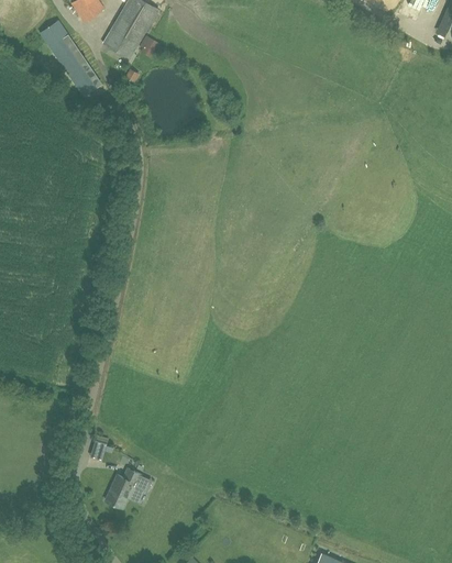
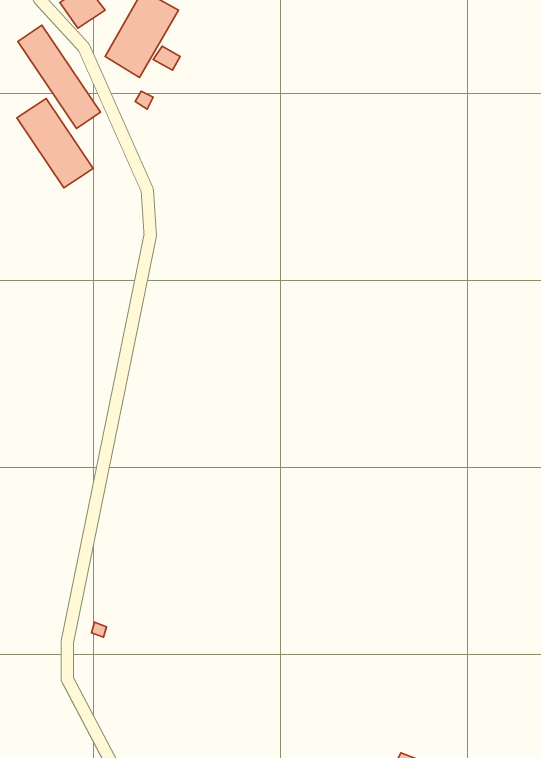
building: none -> [17,98,93,188]
building: [104,467,141,507] -> none

